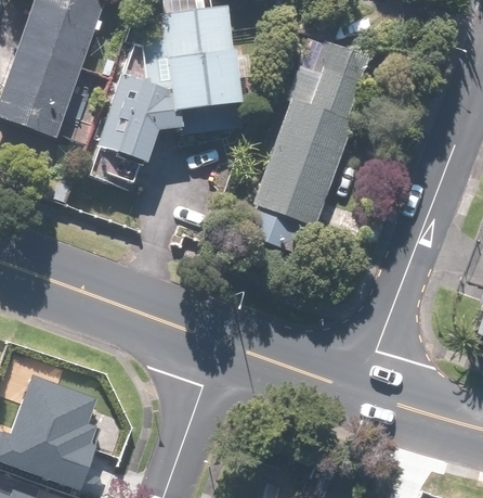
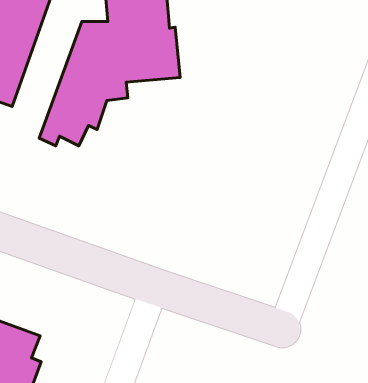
building: [246,40,367,251] -> none

